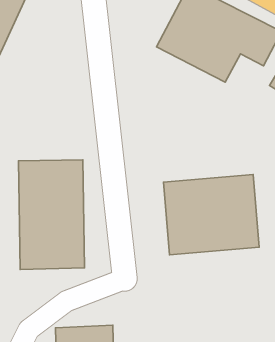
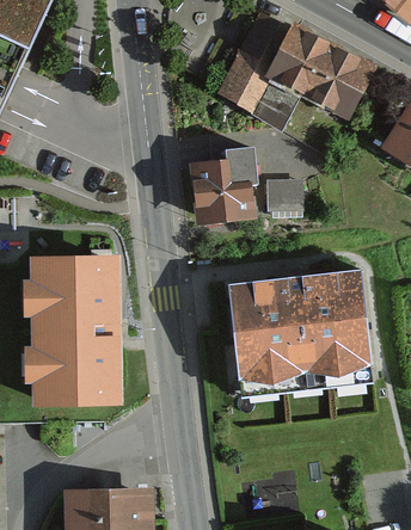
building: none -> [195,149,303,229]

